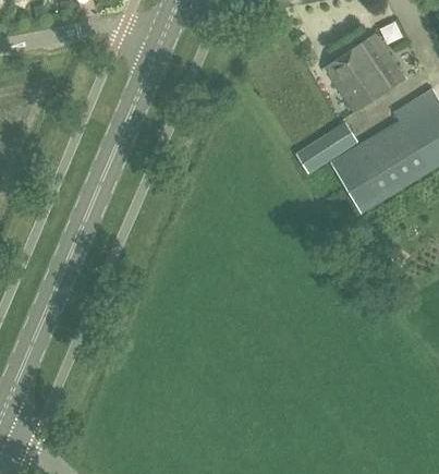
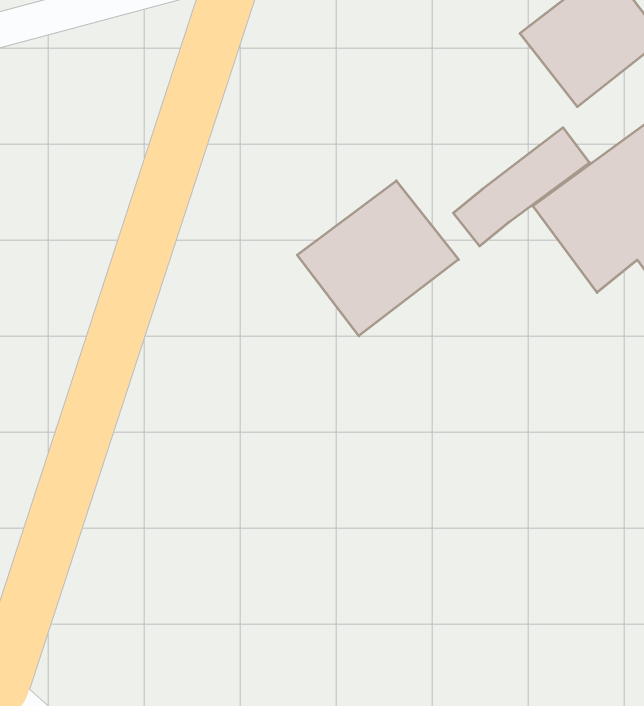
building: none -> [297,181,459,336]

